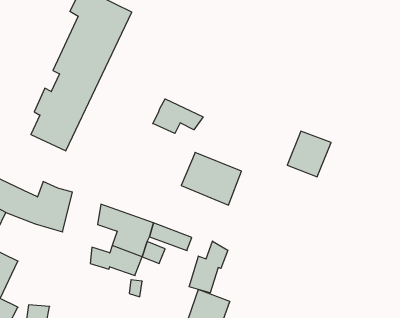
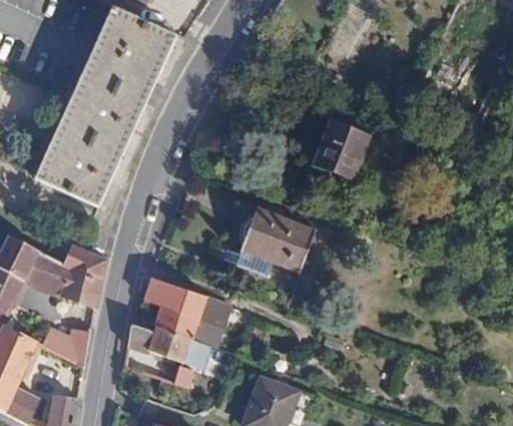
building: [153,99,203,133] -> none
building: [287,131,331,177] -> [314,123,368,179]
building: [189,241,228,293] -> none
building: none -> [45,323,95,360]

